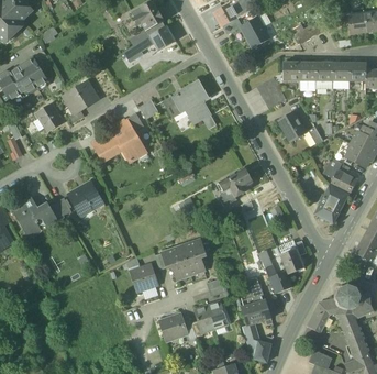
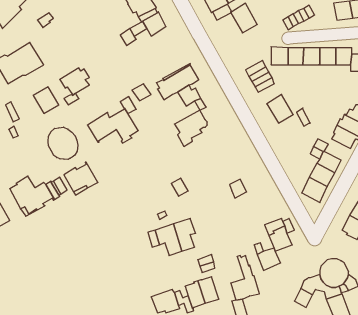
building: none -> [48,127,78,159]
building: [218,167,252,205] -> [174,110,207,146]
building: [130,263,158,293] -> none

